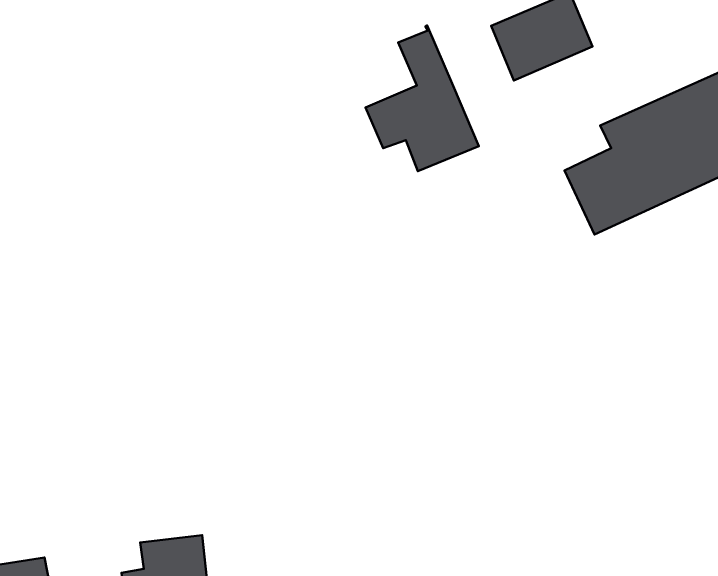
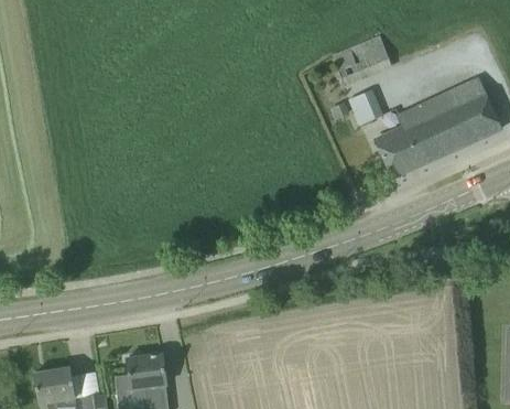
building: [366,25,479,171] -> none
building: none -> [349,90,382,125]

